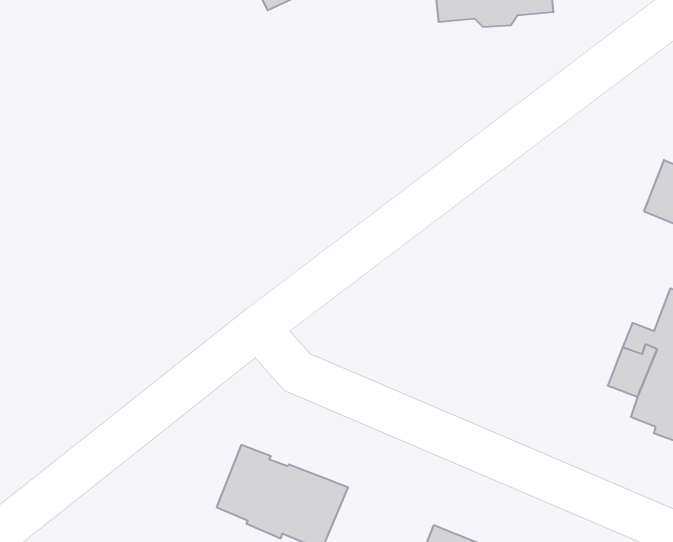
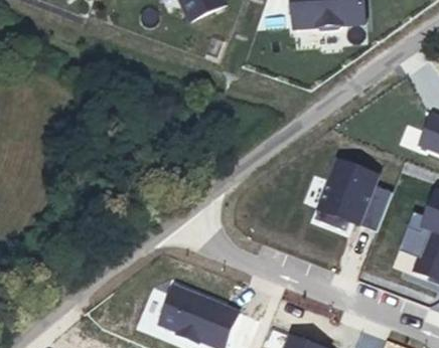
building: none -> [314,159,392,231]

